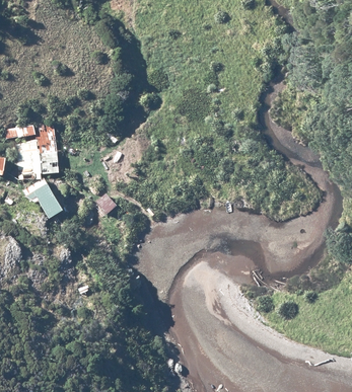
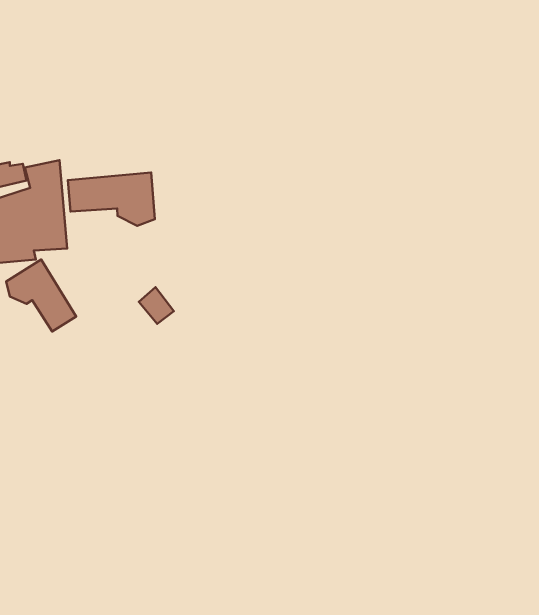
building: none -> [68,172,155,226]

